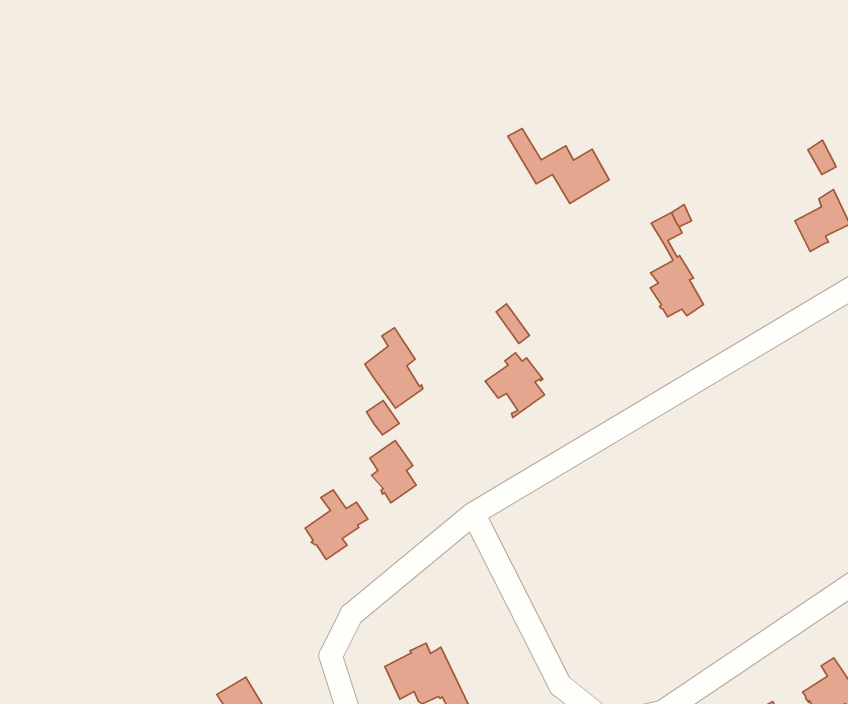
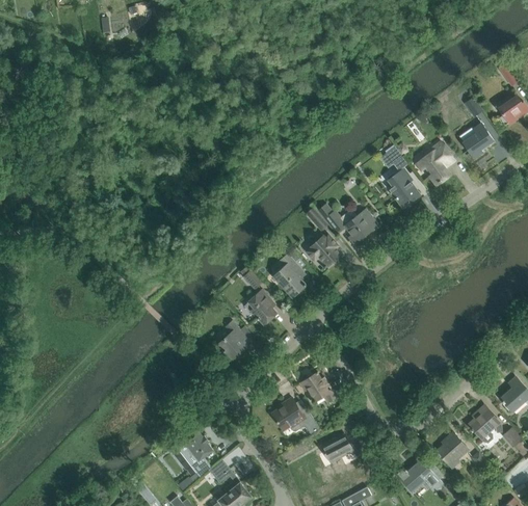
building: [508,129,609,204] -> [318,204,376,241]
building: none -> [422,142,453,184]
building: [365,328,423,408] -> [272,254,306,297]
building: none -> [299,372,337,402]

